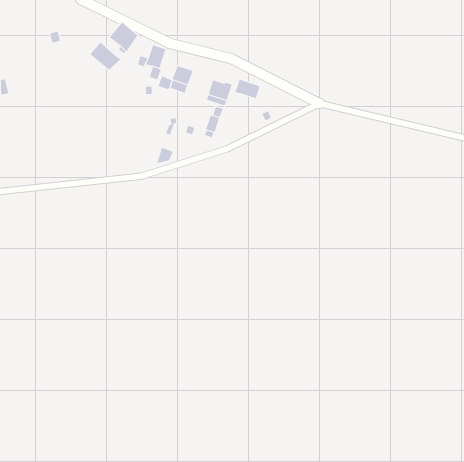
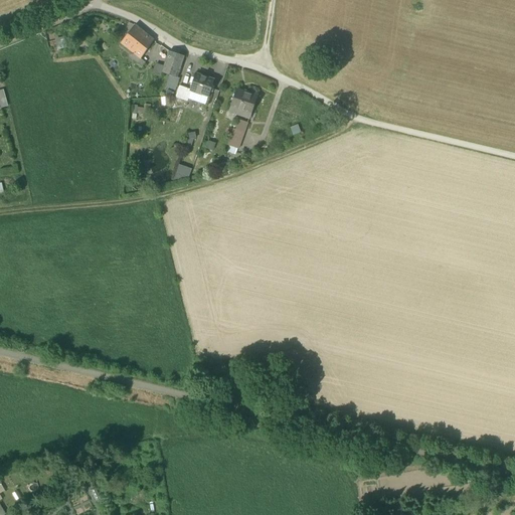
building: [90,42,121,71] -> none
building: [234,79,260,99] -> none

